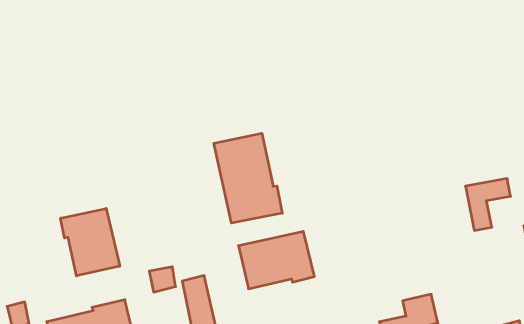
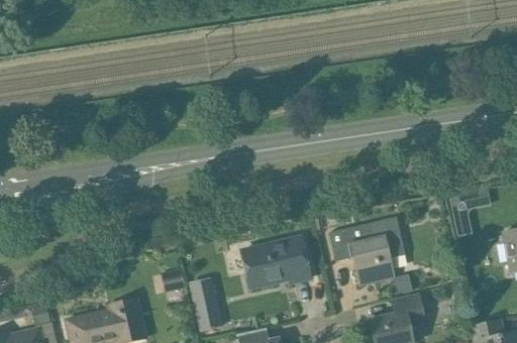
building: [214,133,282,223] -> none
building: [61,208,120,276] -> none
building: none -> [329,217,406,285]

